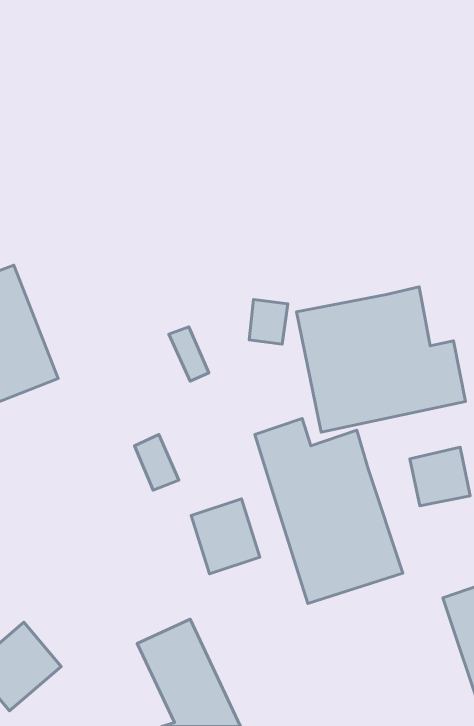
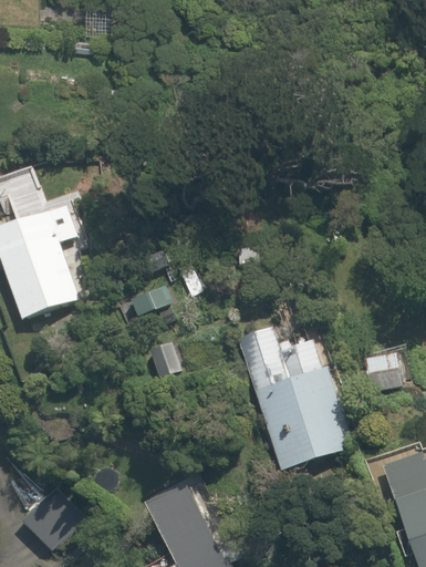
building: [297,287,465,432] -> none
building: [191,499,260,574] -> none

